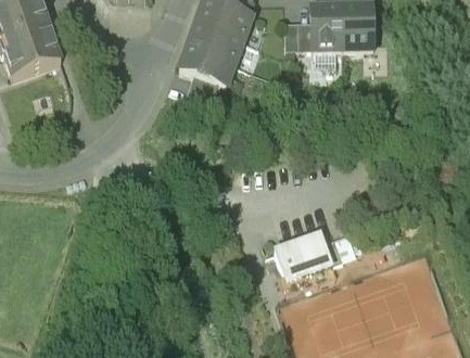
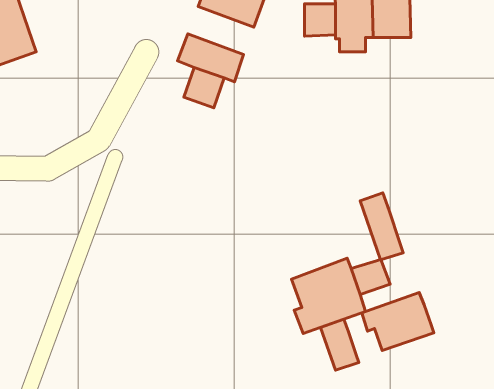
building: [189,17,244,57] -> none
building: none -> [360,193,403,260]
building: none -> [362,292,434,350]
building: none -> [320,319,359,370]

